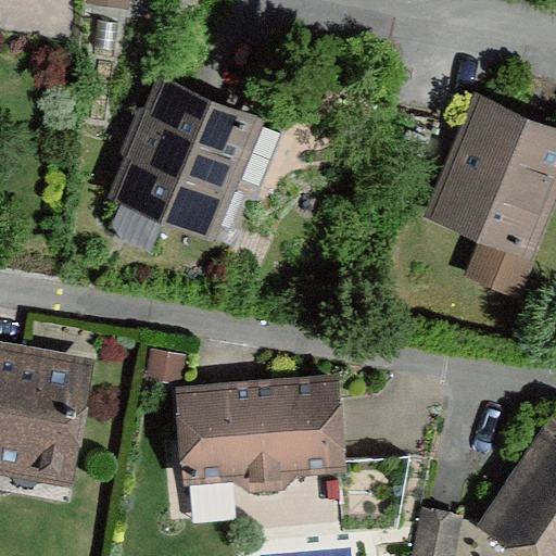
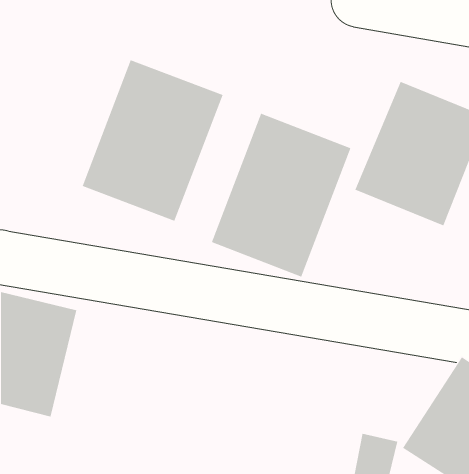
building: none -> [211,113,351,277]
building: [168,384,337,486] -> none

